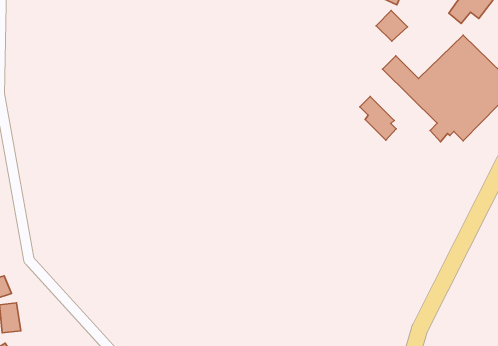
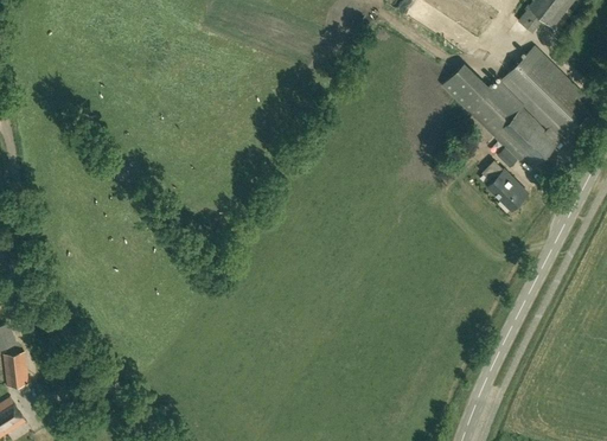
building: [376,11,408,41] -> none
building: [360,97,396,140] -> [483,160,524,210]

